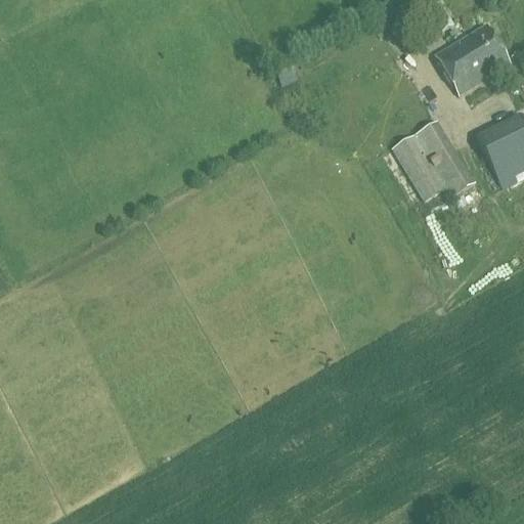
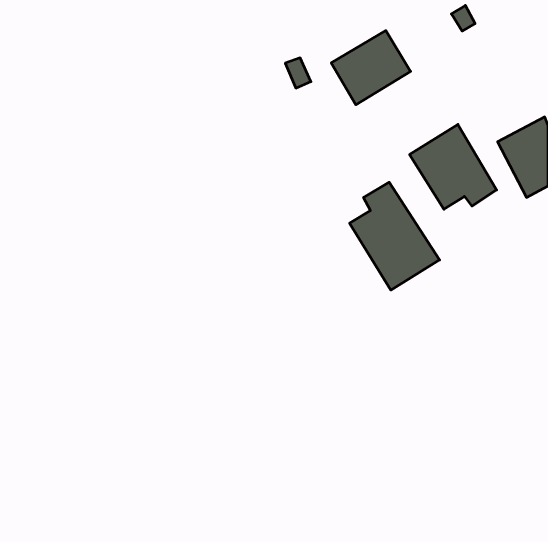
building: [435,23,511,93] -> [331,31,411,105]
building: none -> [350,182,440,290]

